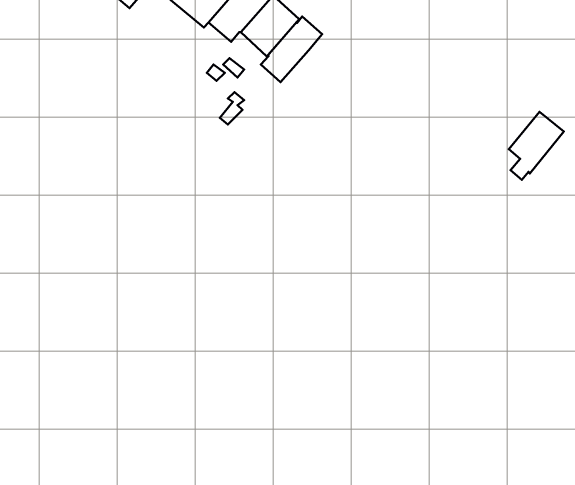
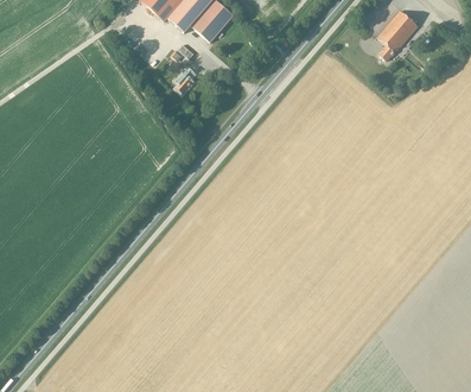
building: [261,16,322,82] -> none
building: [509,112,564,180] -> [377,11,418,61]

